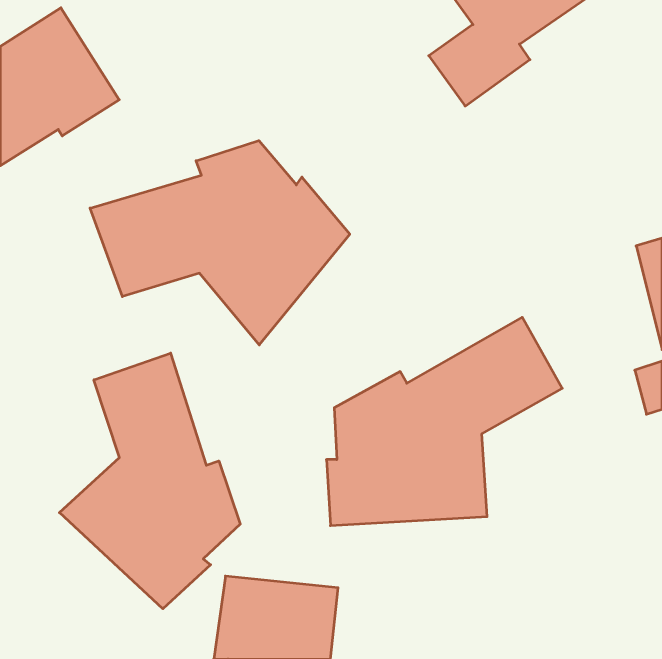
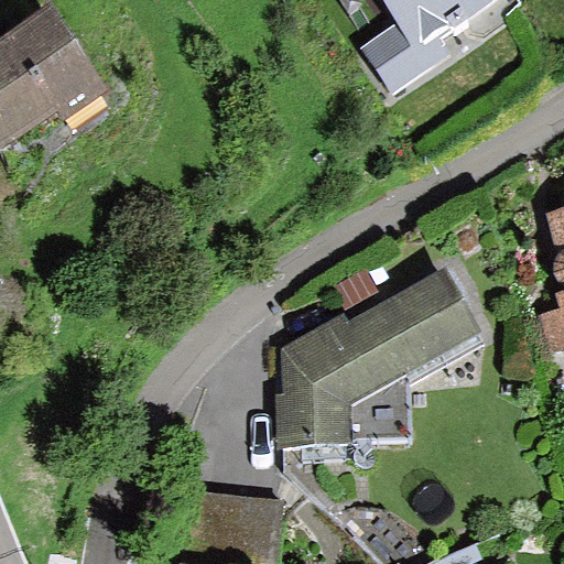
building: [90,141,350,345] -> none
building: [59,353,240,609] -> none

